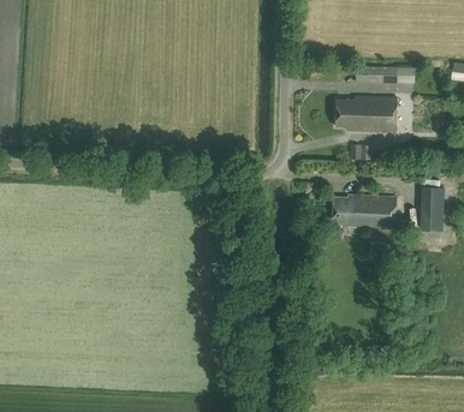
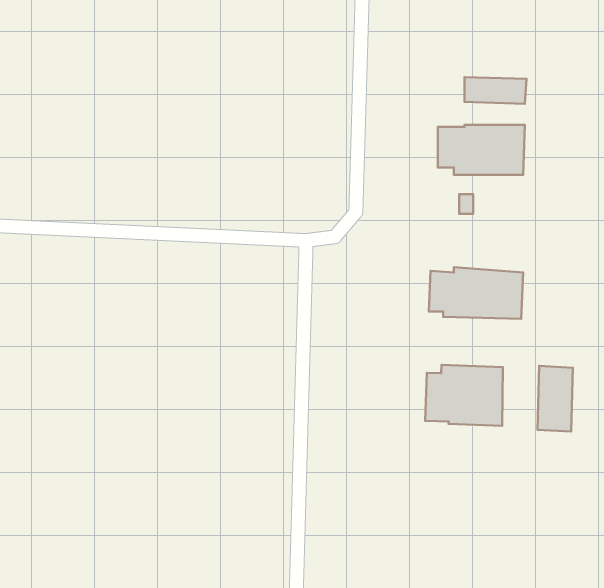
building: [420,186,444,231] -> [537,366,573,432]
building: none -> [425,365,503,426]

